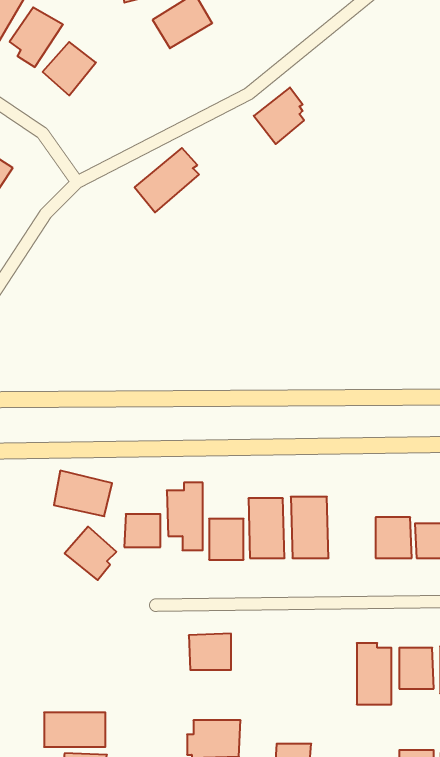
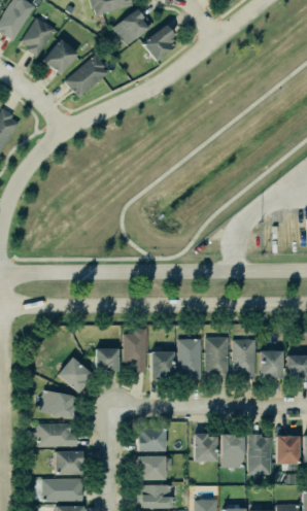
building: [254,87,304,144] -> [142,24,175,61]
building: [135,148,199,212] -> [65,54,107,96]
building: [54,471,112,516] -> [40,388,78,418]
building: none -> [233,338,255,377]
building: none -> [39,422,77,446]
building: none -> [194,433,216,461]
building: none -> [221,435,245,467]
building: none -> [56,450,83,474]
building: none -> [137,455,165,479]

